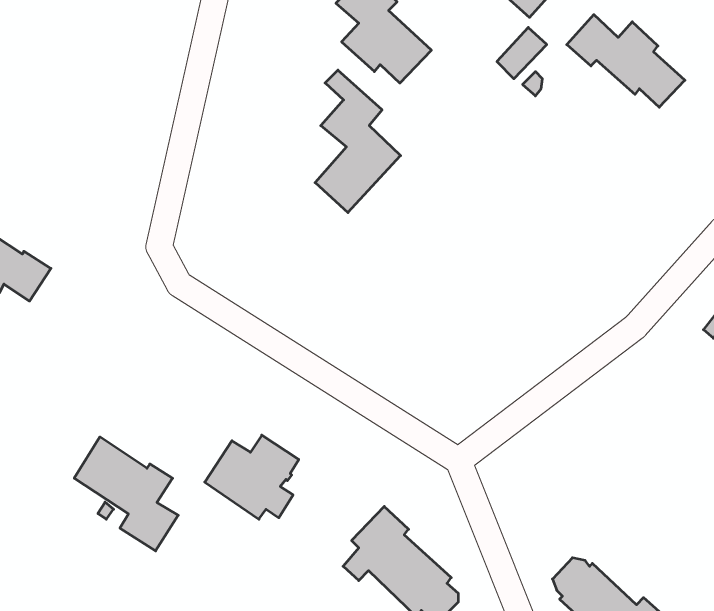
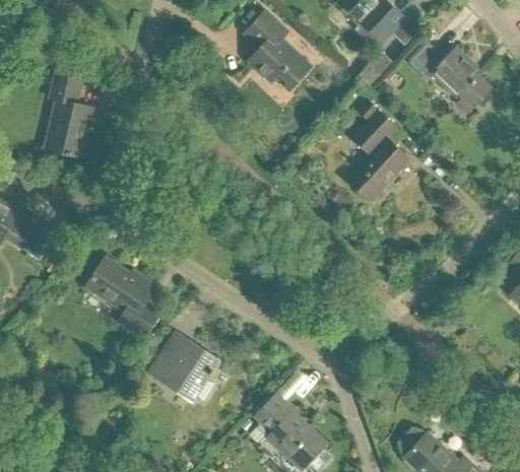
building: none -> [45,68,92,157]
building: [315,70,401,213] -> [347,98,408,200]
building: [74,437,178,551] -> [86,257,160,338]

